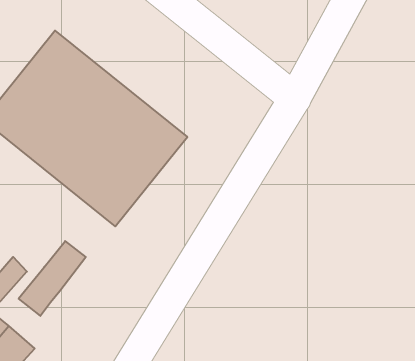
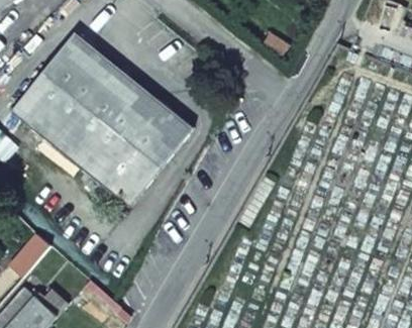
building: [19,241,86,316] -> none

